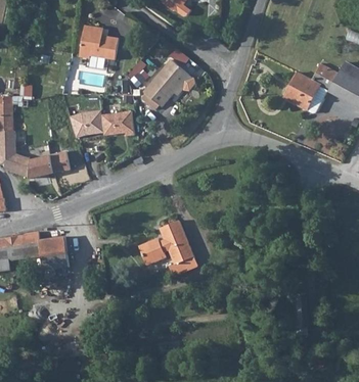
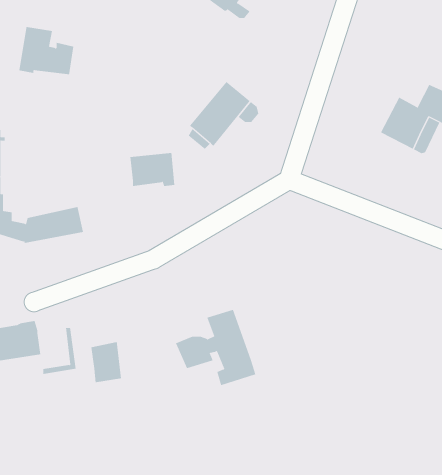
building: [82,23,122,58] -> [19,26,74,75]
building: [72,110,105,137] -> none
building: [38,237,60,267] -> [91,341,122,383]

